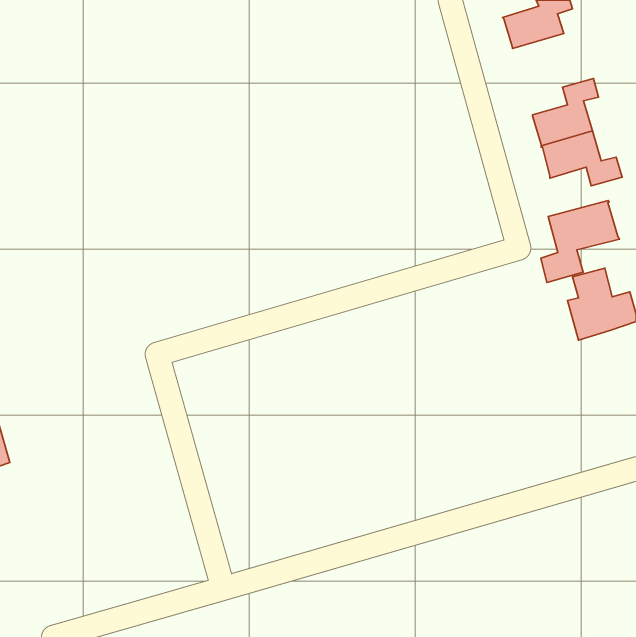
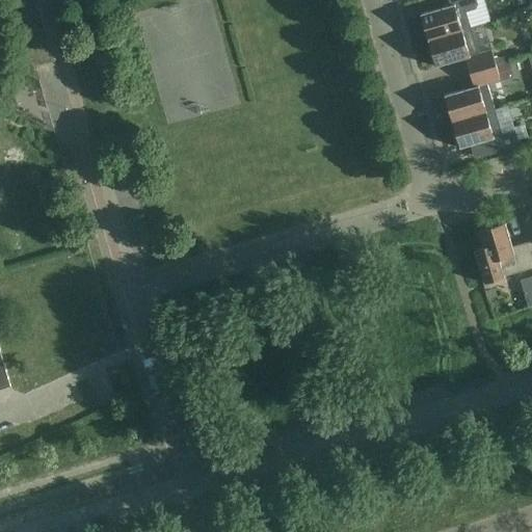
building: none -> [427,28,495,73]
building: [541,200,620,282] -> none

